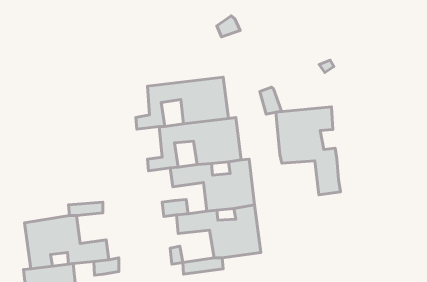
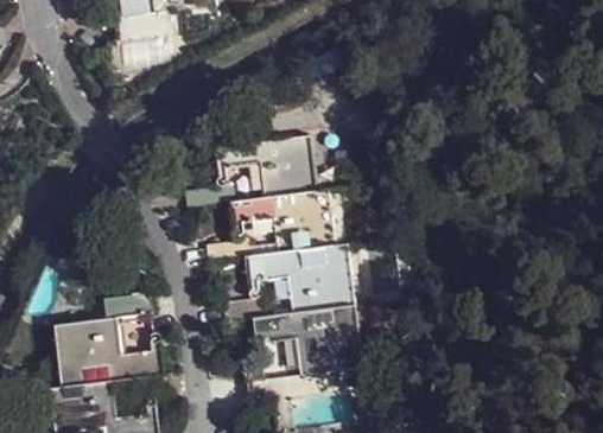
building: [276,107,341,195] -> none

